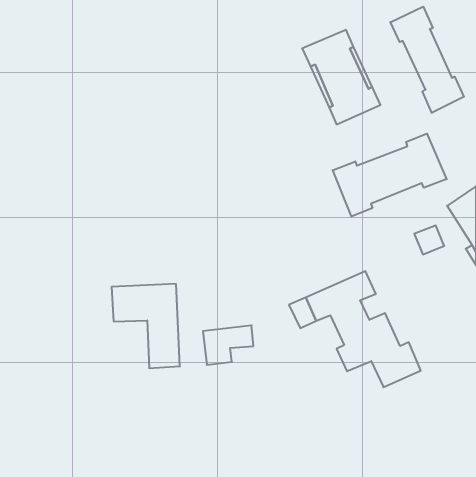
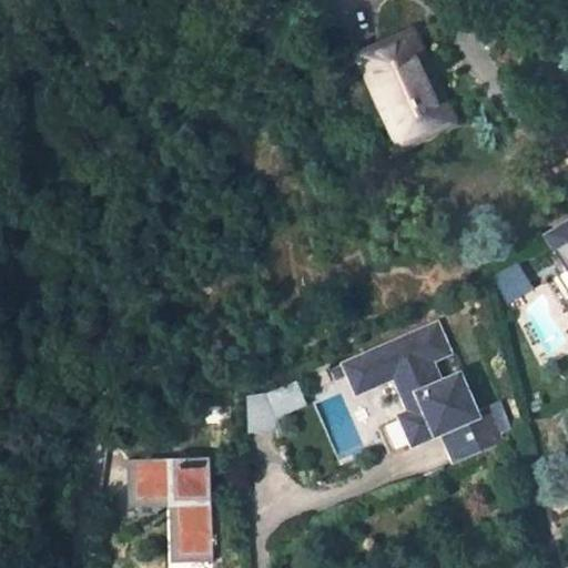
building: [390,7,464,113] -> none
building: [333,134,447,217] -> none
building: [112,284,180,368] -> [136,457,217,557]

